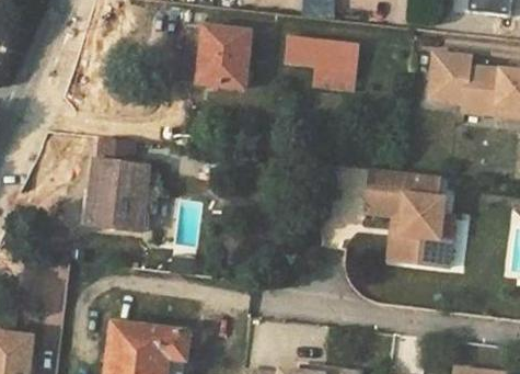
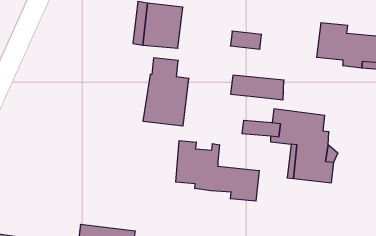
building: [286,36,357,69] -> [231,75,284,100]
building: [86,139,148,230] -> [143,58,189,126]
building: none -> [176,141,259,201]

